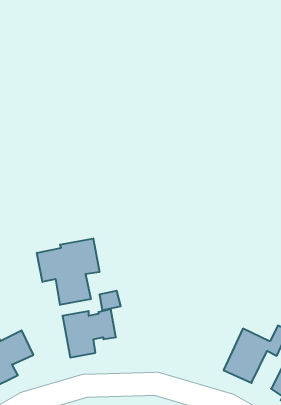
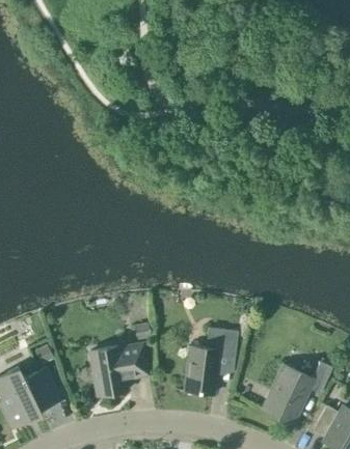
building: [37,238,99,305] -> none
building: none -> [185,329,238,394]

